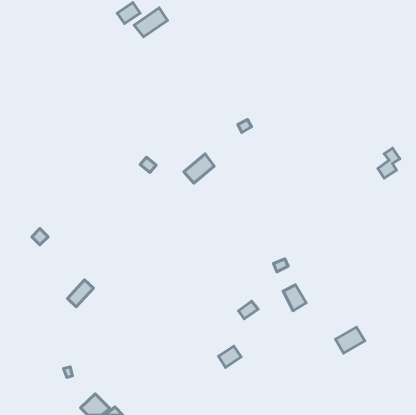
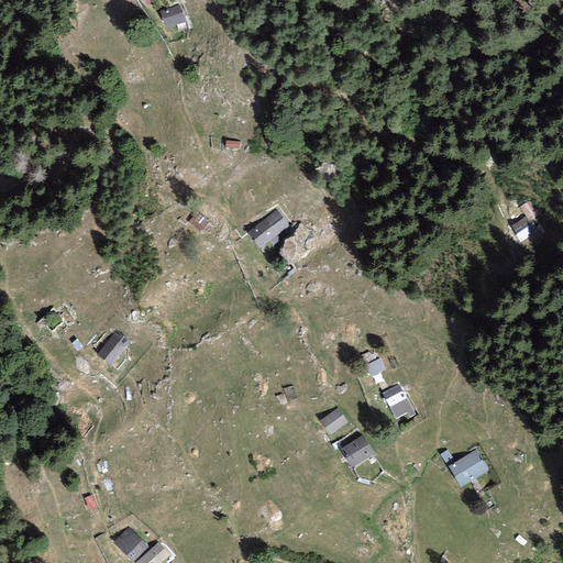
building: [134,8,167,37] -> none
building: [67,280,93,307] -> [96,330,131,366]
building: [218,346,241,367] -> [340,439,371,467]

